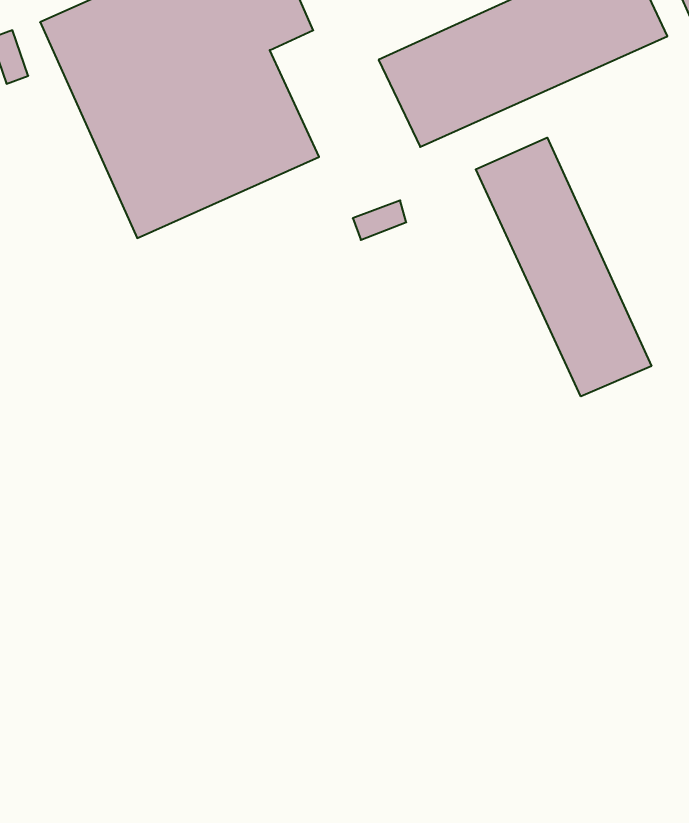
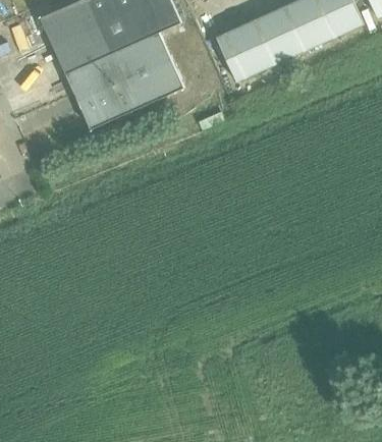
building: [476,138,651,396] -> none

